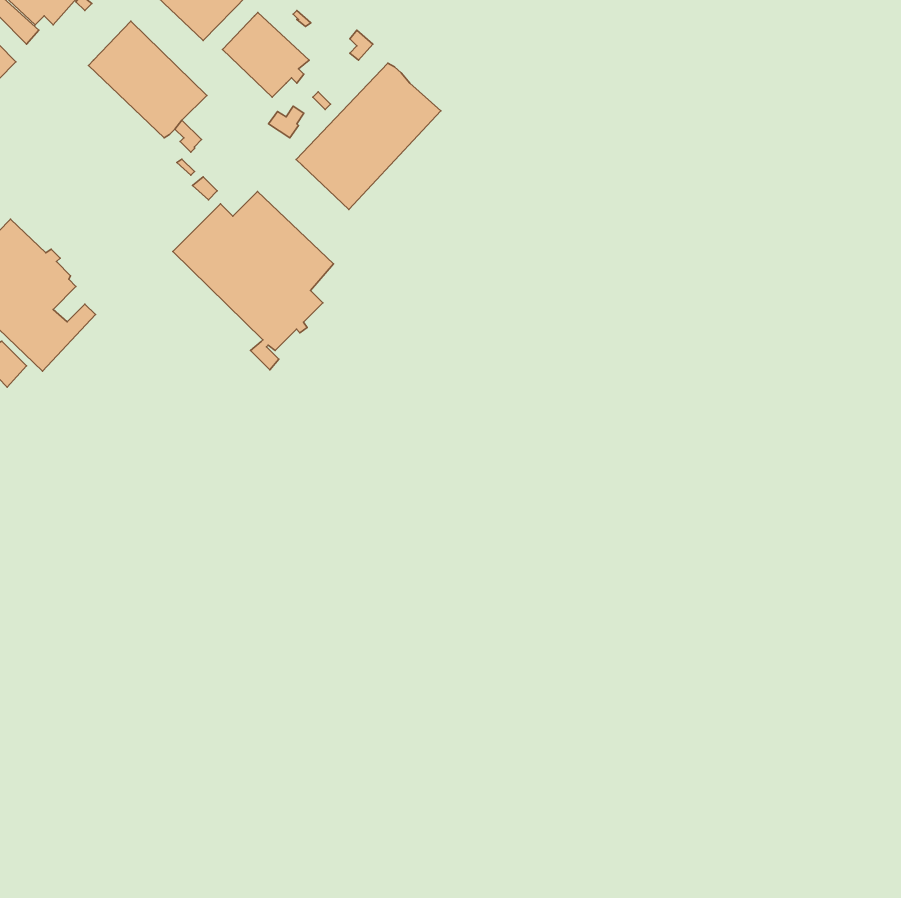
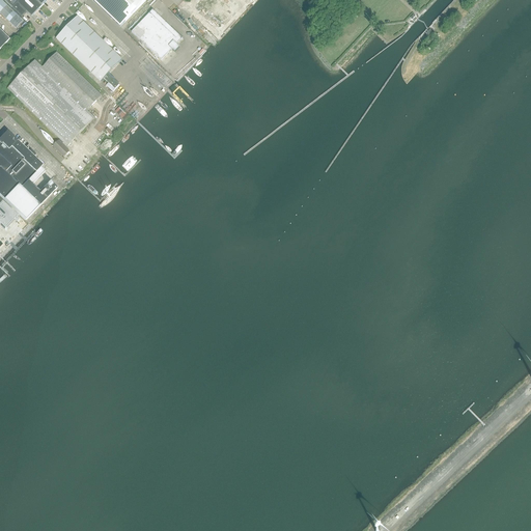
building: [296,63,441,210] -> none
building: [173,191,334,370] -> [6,50,101,155]

